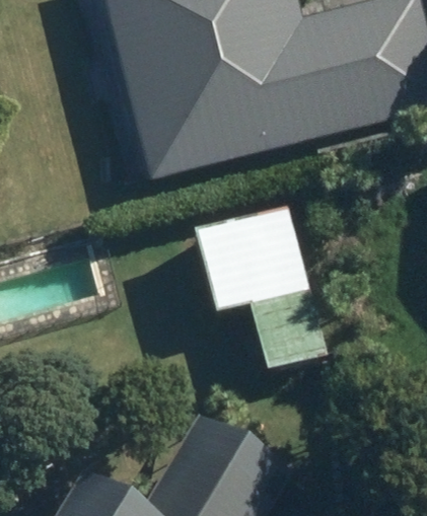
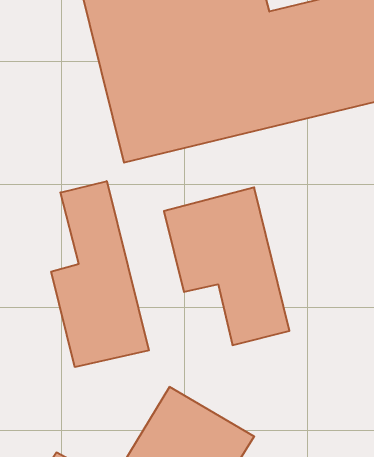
building: none -> [51,181,149,367]

